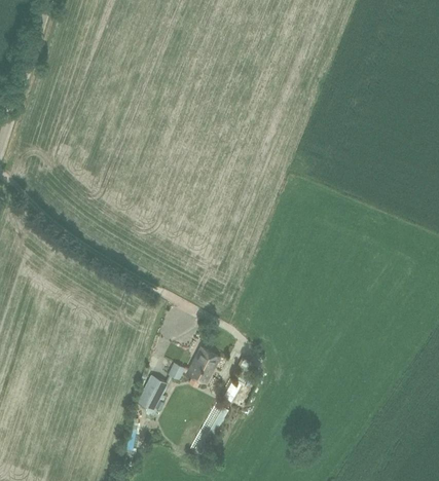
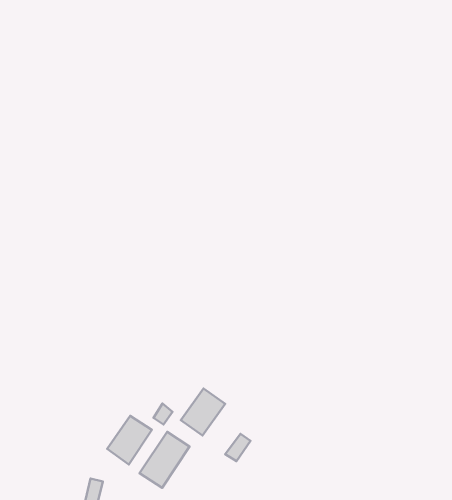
building: none -> [140,432,189,488]

